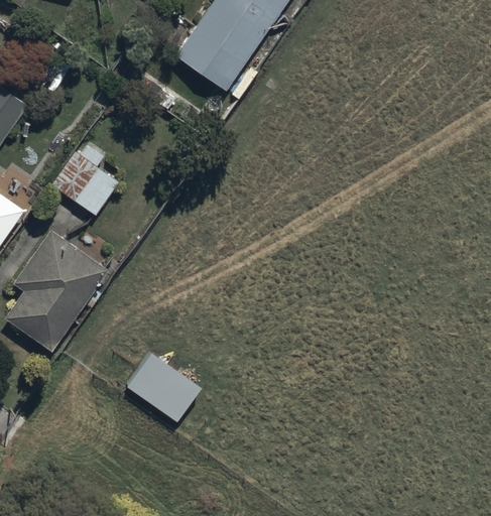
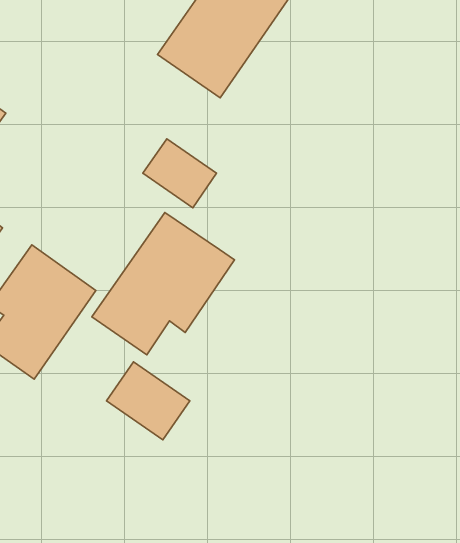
building: [50,152,119,217] -> [143,139,217,208]
building: none -> [92,212,235,355]

